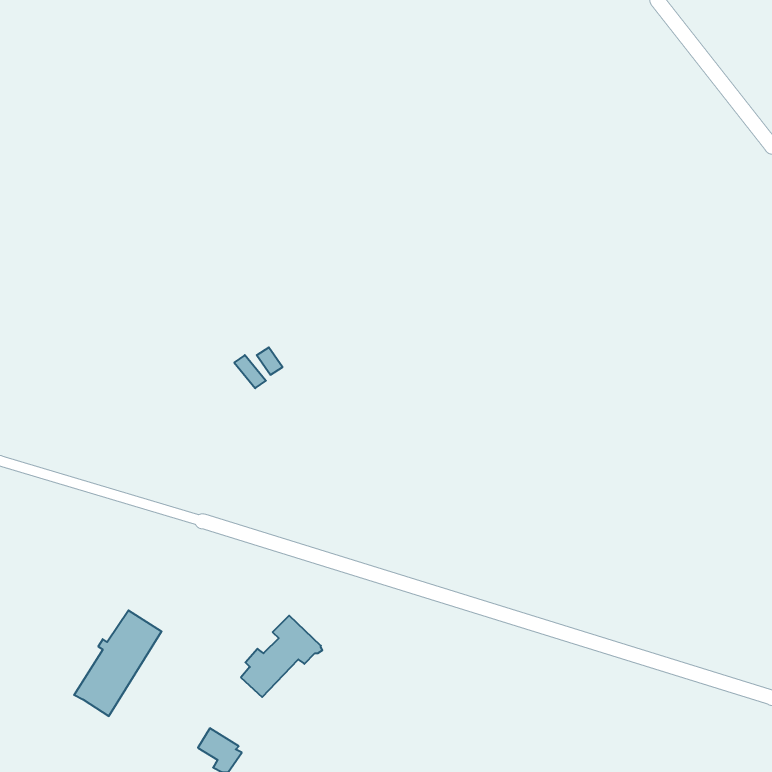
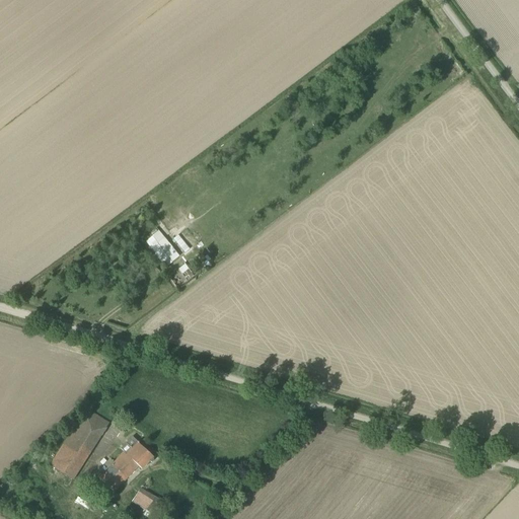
building: [241,616,322,697] -> [99,437,154,492]

